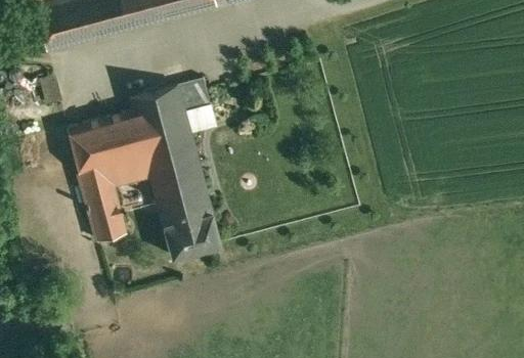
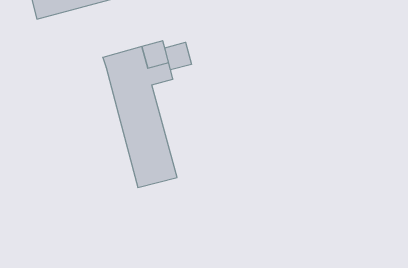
building: none -> [165,42,191,70]
building: [66,108,149,239] -> none

